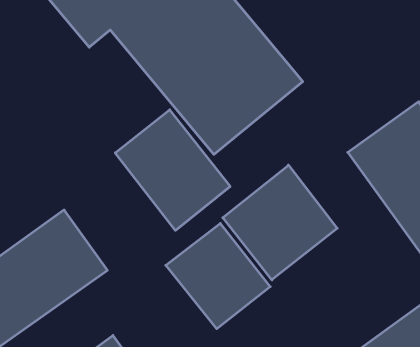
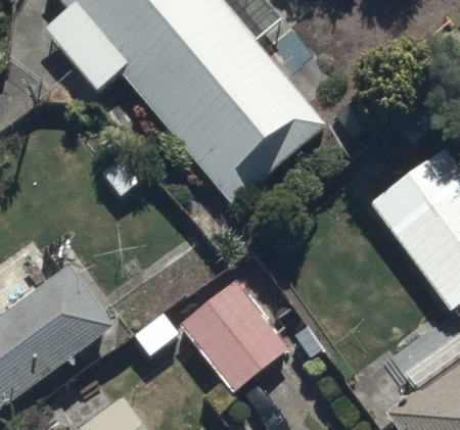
building: [115,110,230,230] -> none
building: [223,165,337,280] -> none

